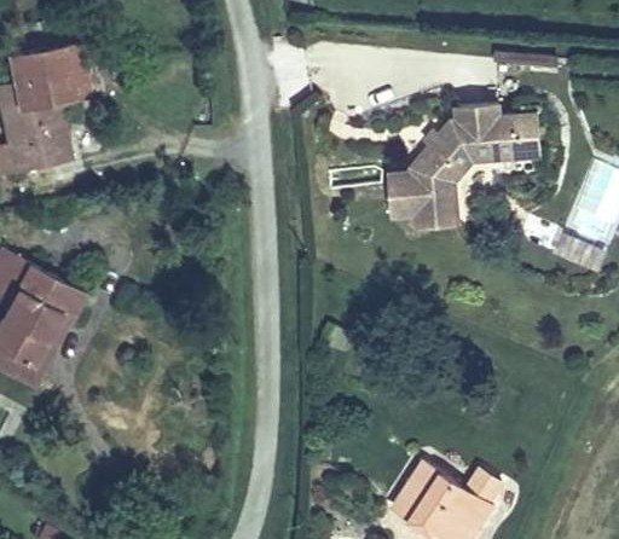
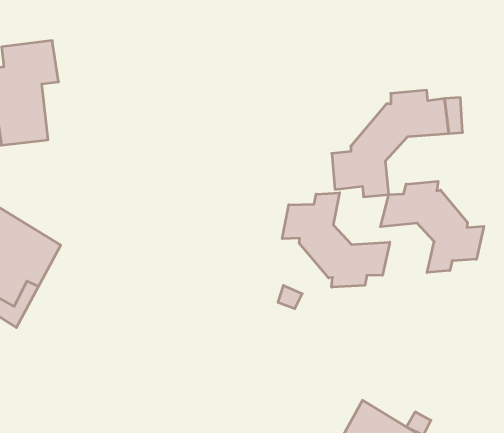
building: none -> [380,181,484,273]
building: none -> [282,193,390,287]

